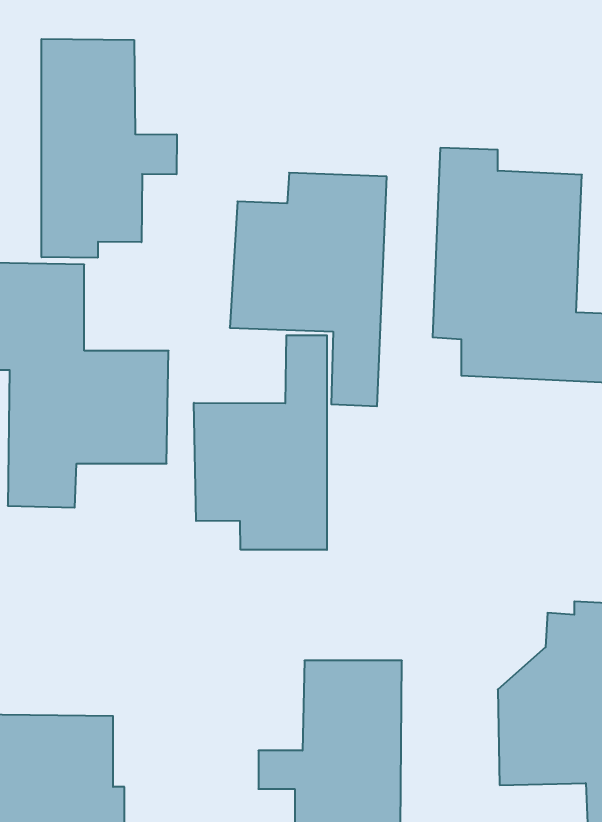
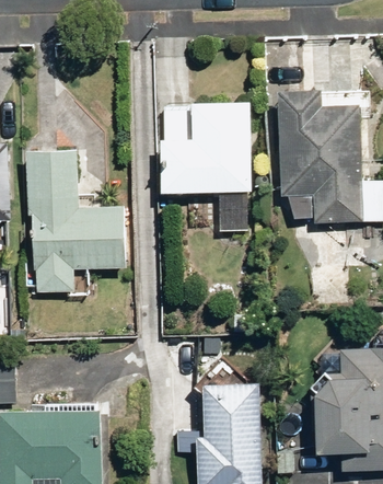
building: [42,39,177,258] -> none
building: [194,335,327,550] -> none

